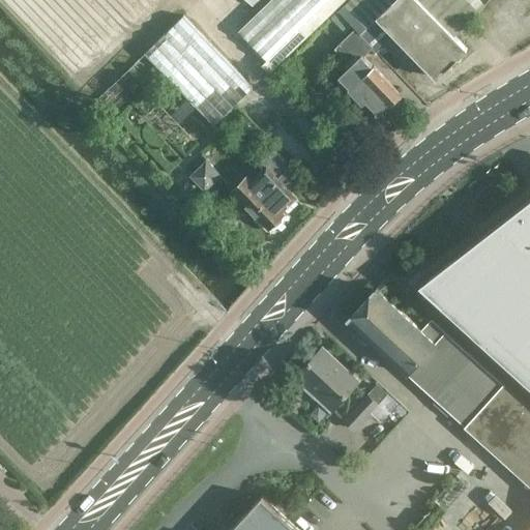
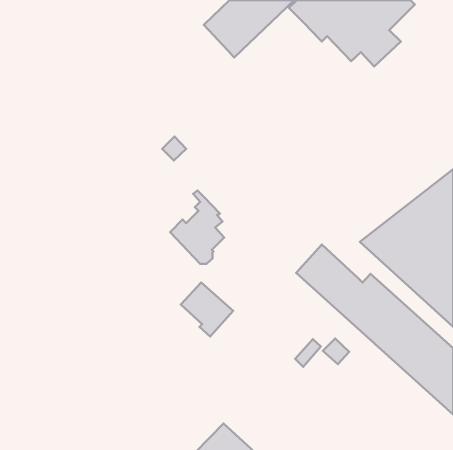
building: [143,17,252,126] -> none
building: [334,30,403,118] -> none
building: [231,144,294,230] -> [170,190,224,264]
building: [295,351,356,414] -> [181,282,233,336]

